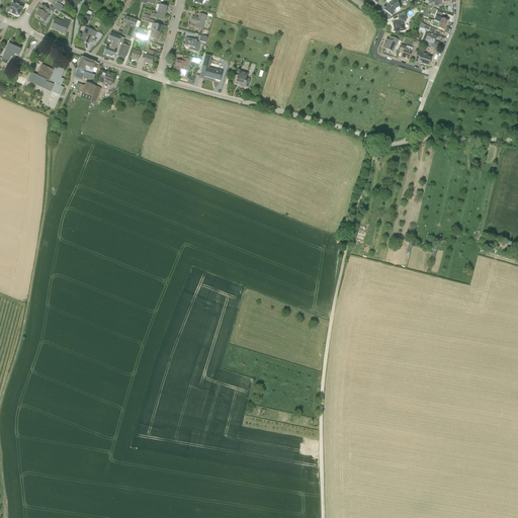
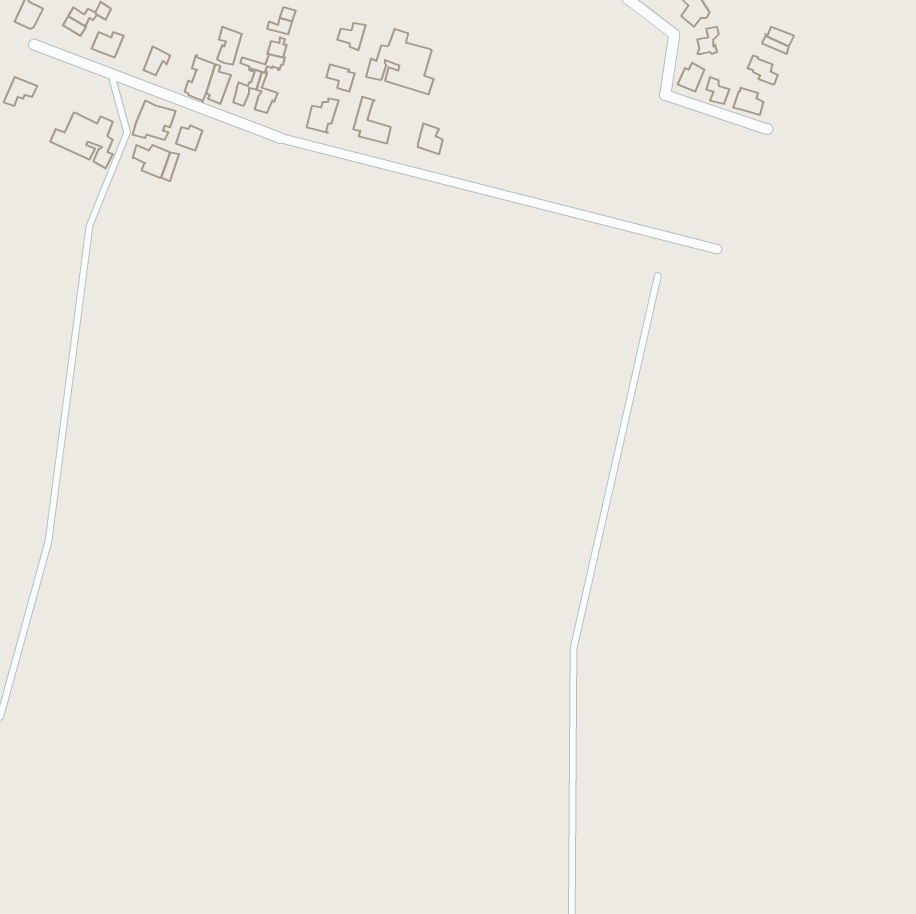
building: none -> [366,29,434,94]

